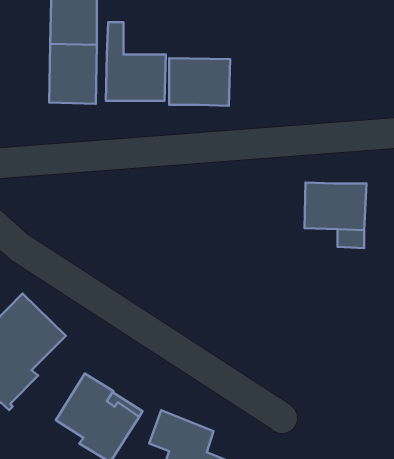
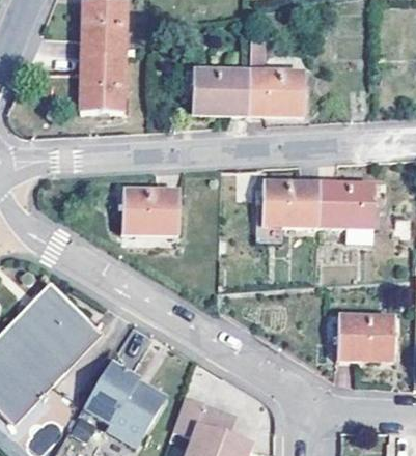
building: [106,22,166,101] -> [248,39,304,113]
building: none -> [262,183,320,227]
building: none -> [122,190,181,235]
building: none -> [337,320,392,361]

